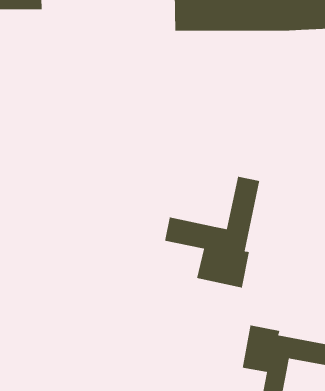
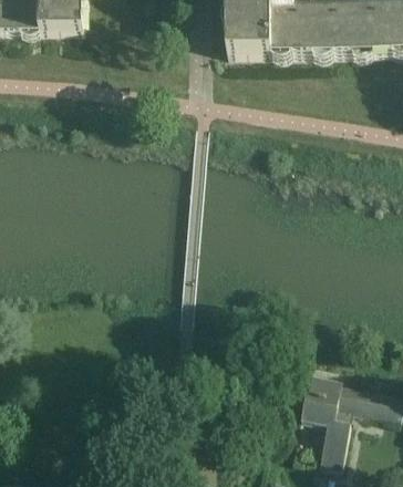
building: [164,176,260,289] -> none

